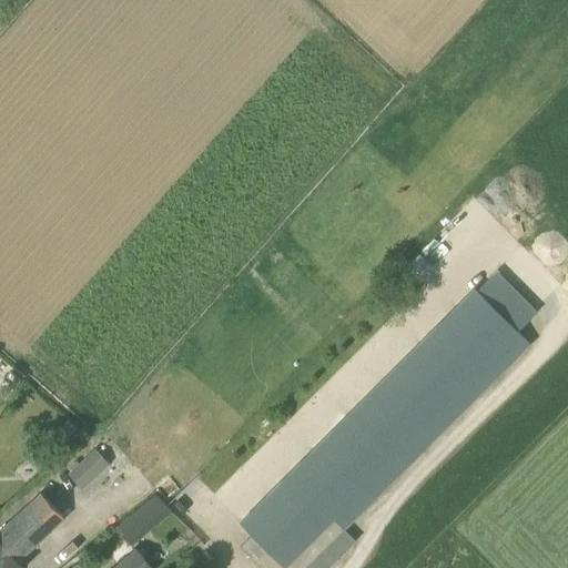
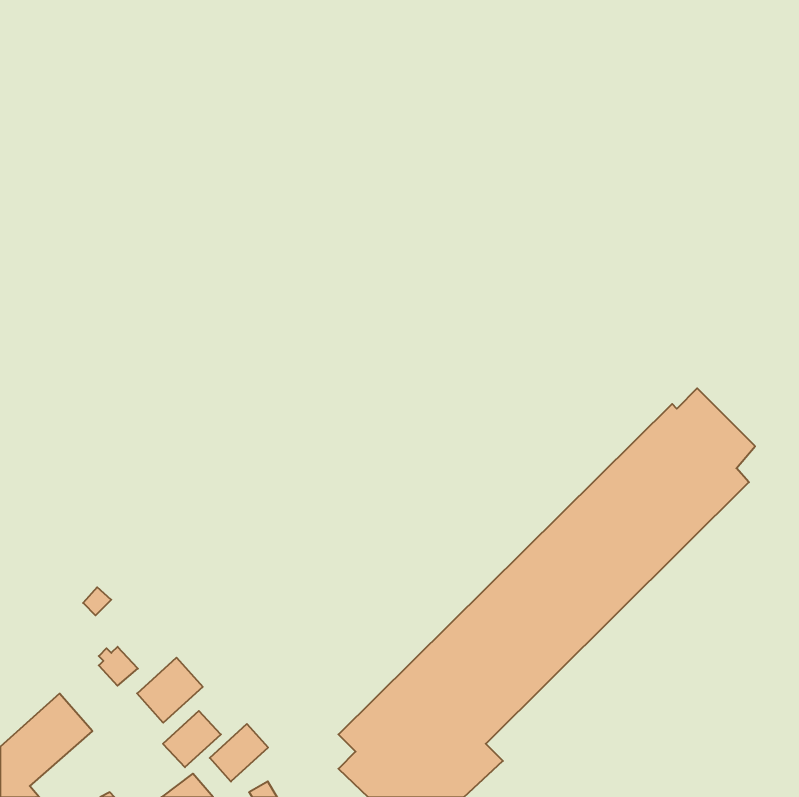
building: none -> [137,658,203,723]
building: none -> [210,724,268,782]

